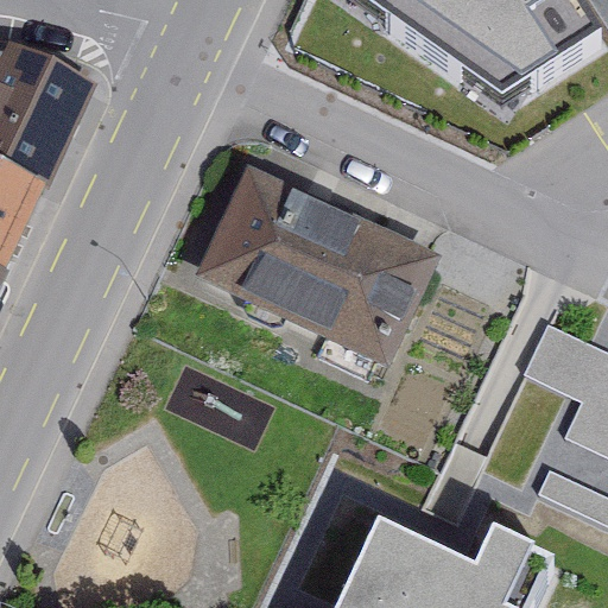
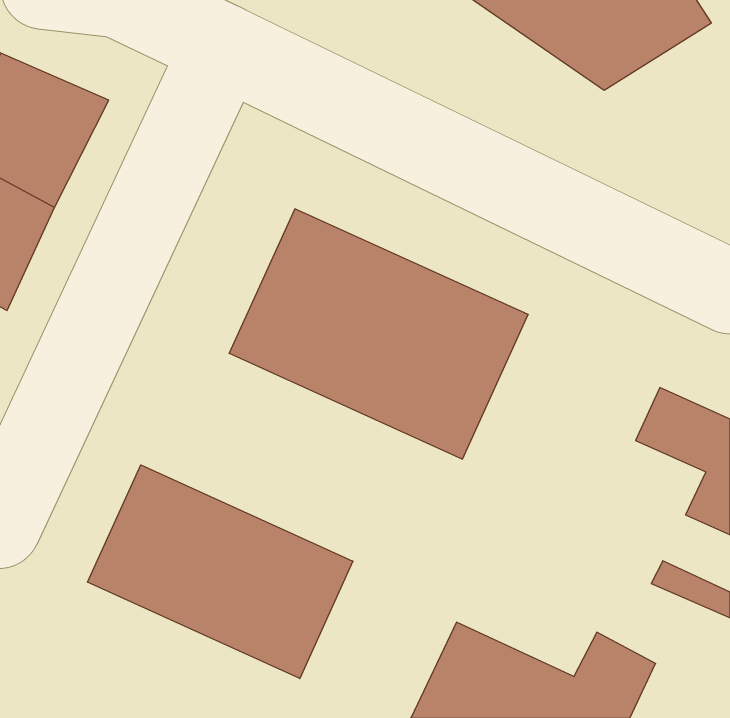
building: none -> [88,465,353,679]

